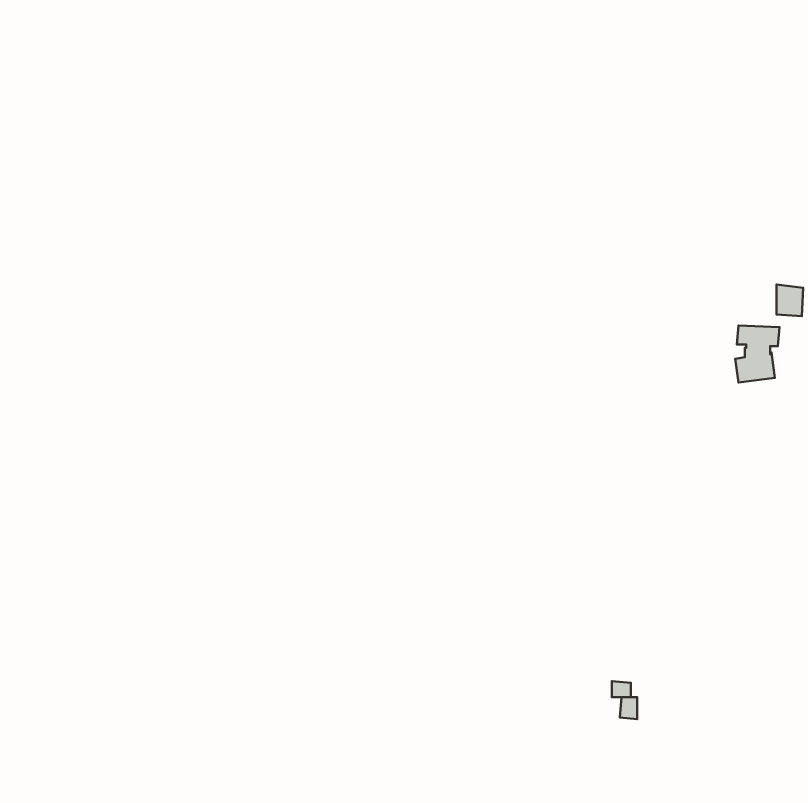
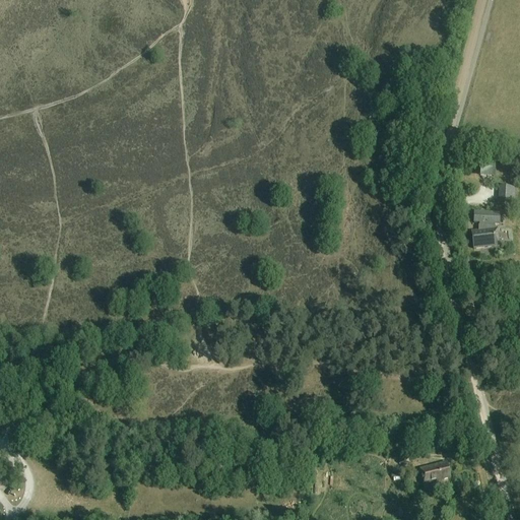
building: none -> [419,460,450,486]

